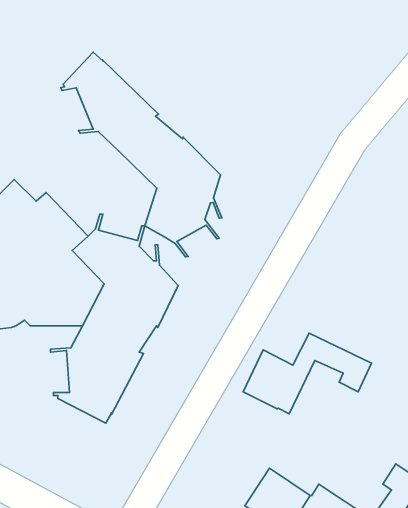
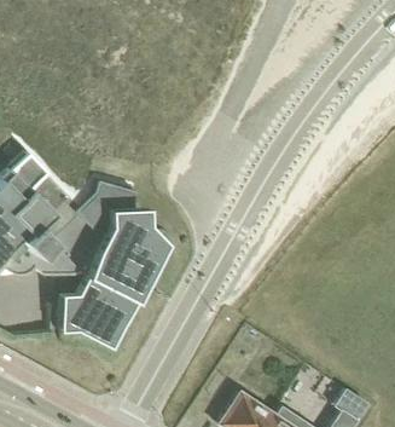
building: [61,52,222,257] -> none
building: [243,333,371,414] -> none

